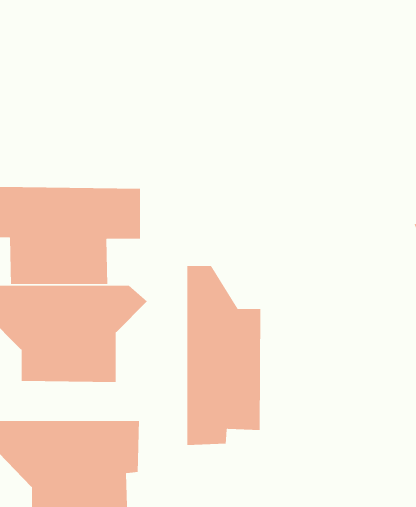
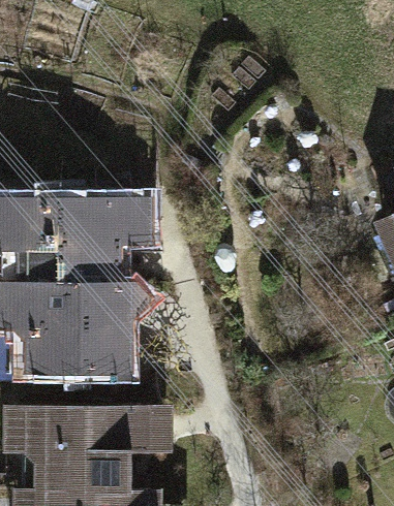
building: [187,265,261,446] -> none

